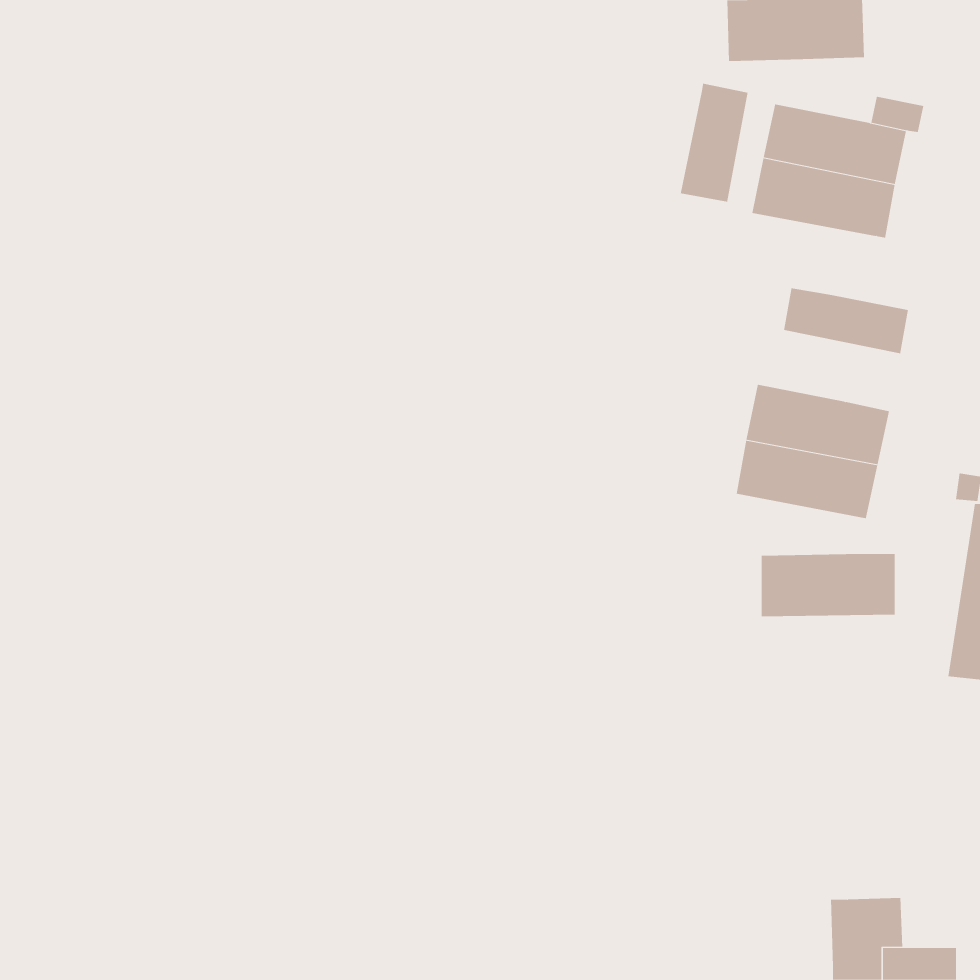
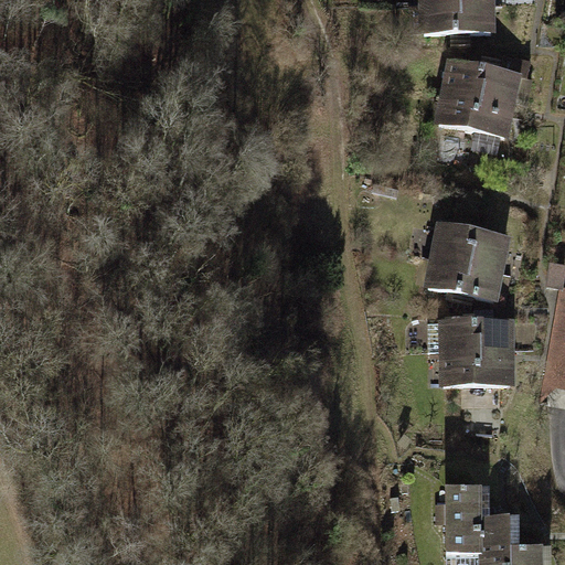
building: [680,83,748,202] -> none
building: [783,287,909,354] -> none
building: none -> [438,353,516,390]
building: none -> [444,483,488,556]

